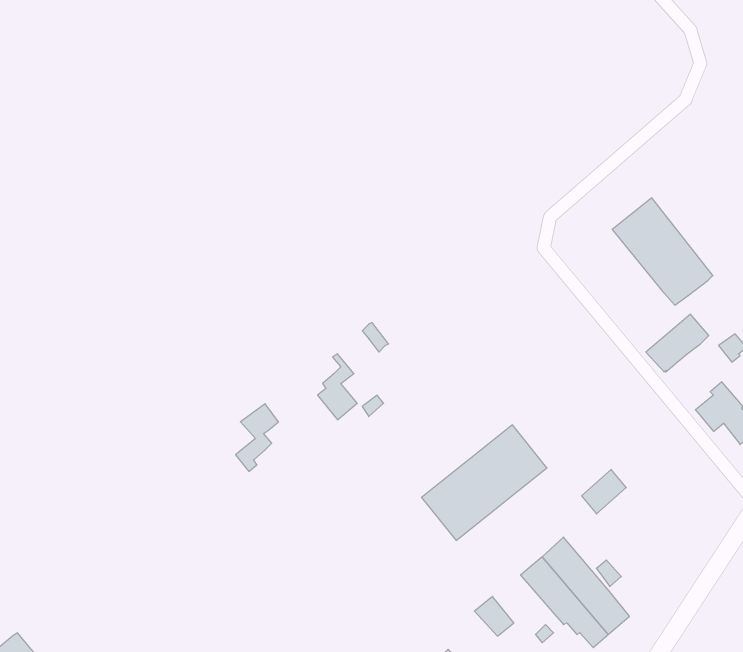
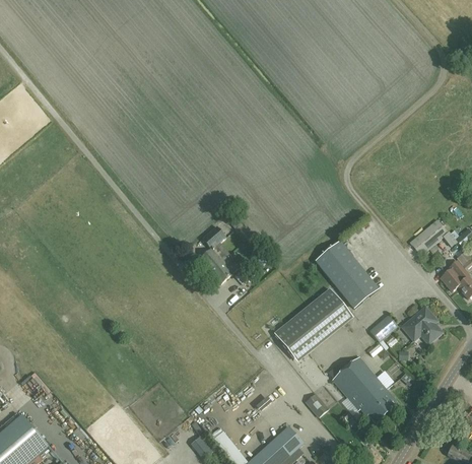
building: [612,198,713,305] -> [317,242,379,308]
building: [236,404,278,471] -> [200,227,226,269]
building: none -> [403,307,442,343]

